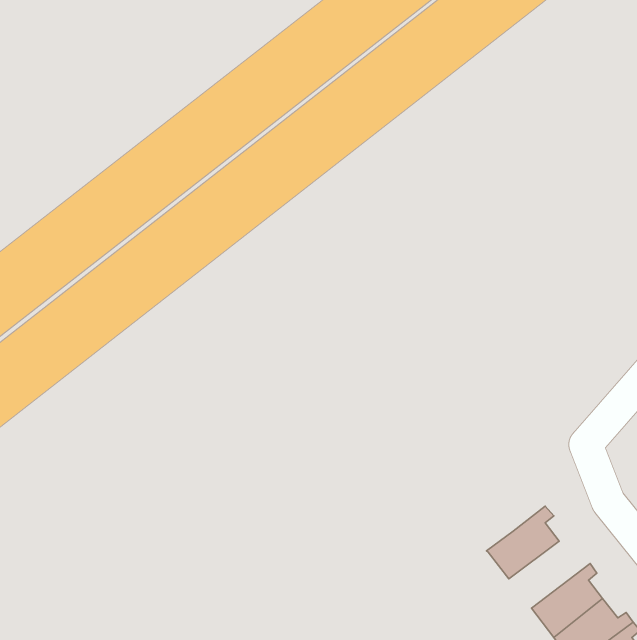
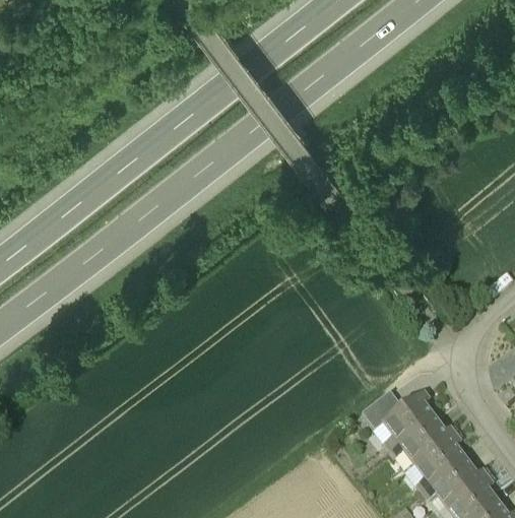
building: none -> [363,392,402,430]
building: none -> [399,415,458,464]

